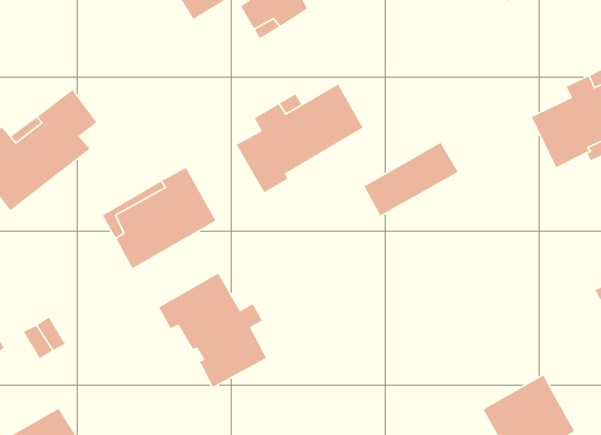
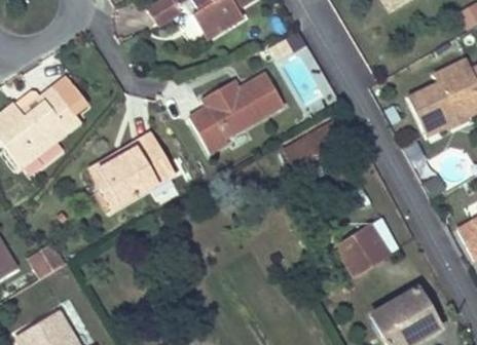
building: [158,272,267,388] -> none
building: none -> [336,225,389,275]

